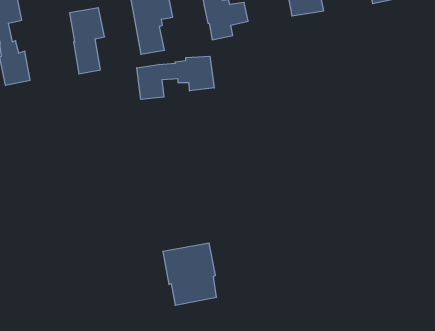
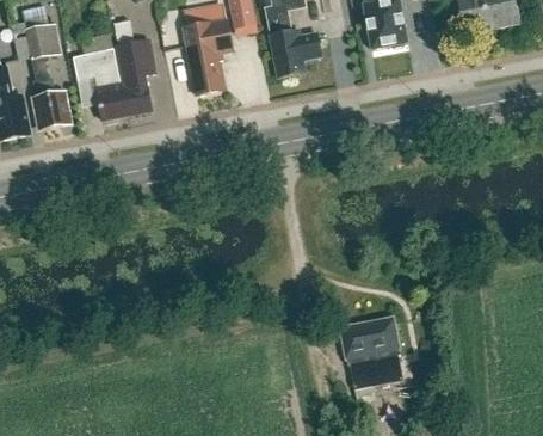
building: none -> [72,47,125,119]
building: [137,56,214,99] -> none
building: [163,243,217,305] -> [340,317,402,388]

